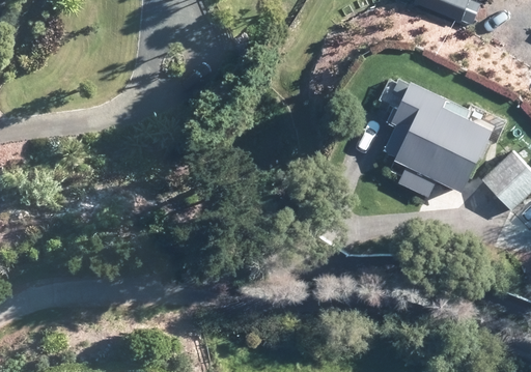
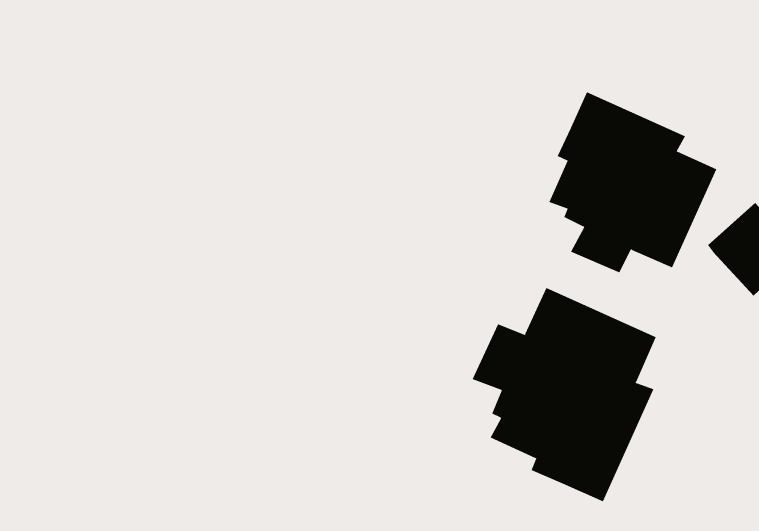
building: none -> [472,287,657,502]

